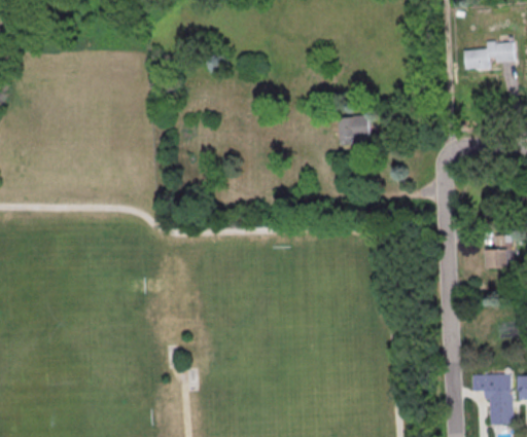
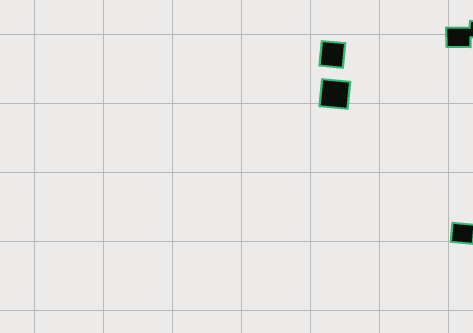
building: none -> [319,41,345,68]

